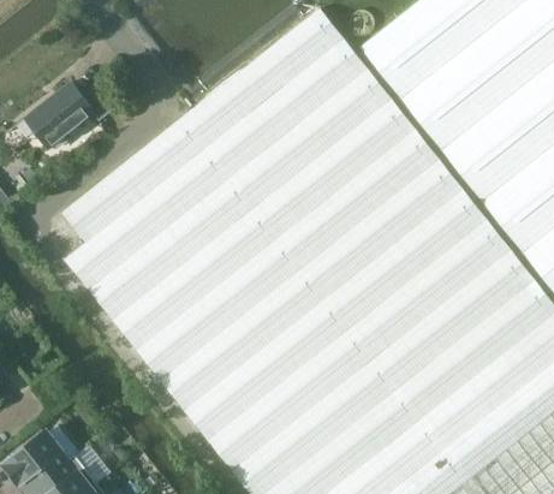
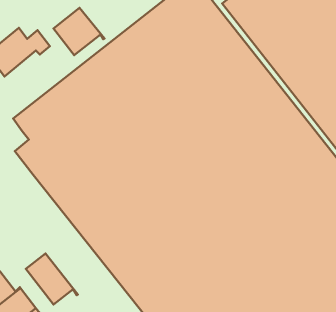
building: none -> [53,8,104,55]
building: none -> [26,254,78,304]

